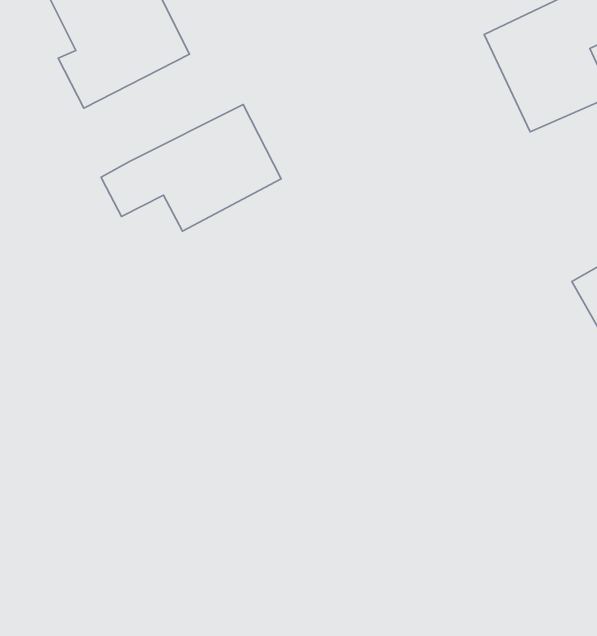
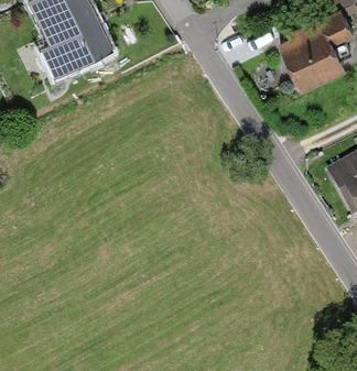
building: [101,104,281,231] -> none

